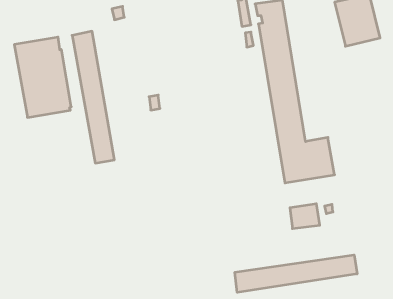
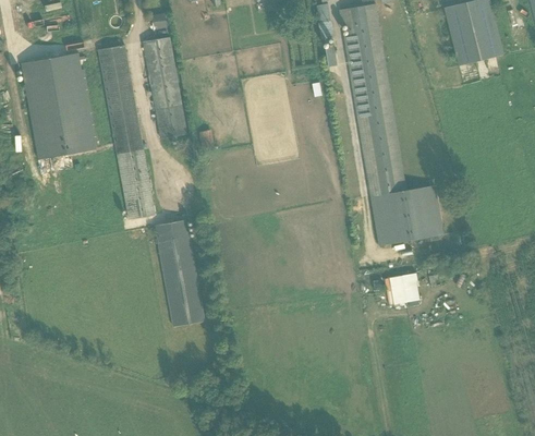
building: none -> [142,36,186,149]
building: none -> [158,227,202,327]
building: [235,255,357,292] -> none

